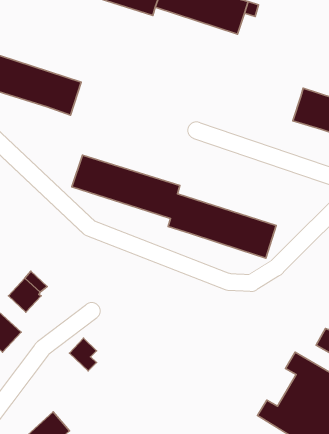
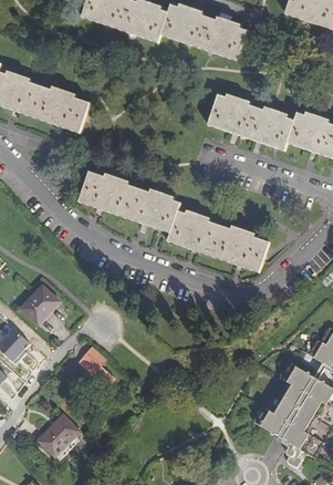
building: none -> [209,93,296,149]

